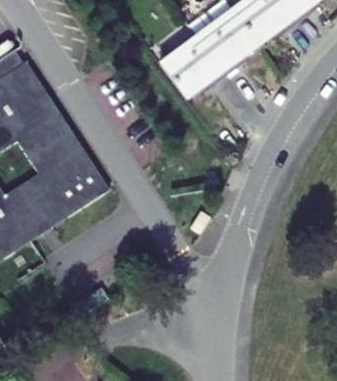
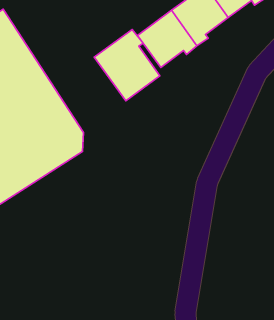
building: none -> [94,29,160,101]

